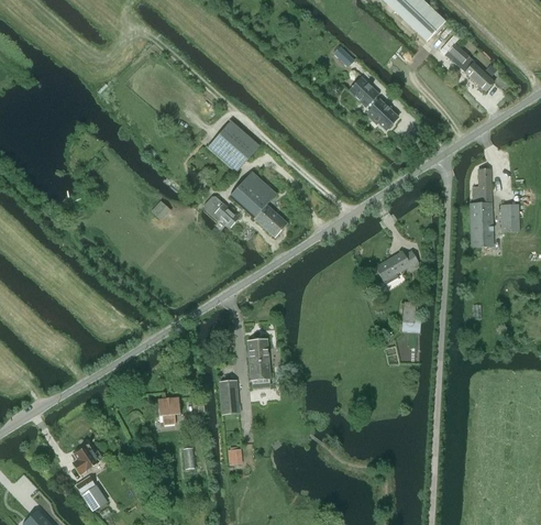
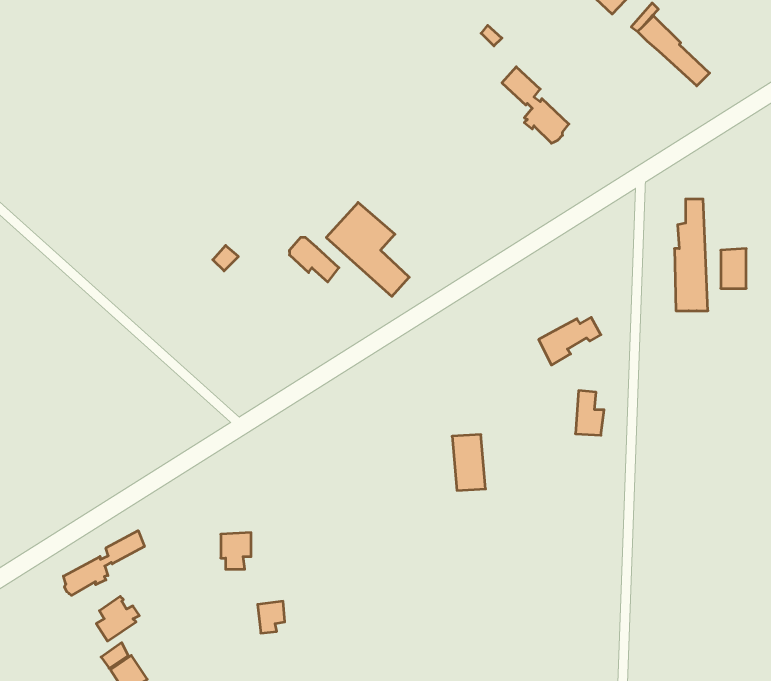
building: [207,120,258,171] -> none
building: [247,339,270,378] -> [452,435,486,490]
building: [220,380,239,413] -> none
building: none -> [63,531,144,595]

